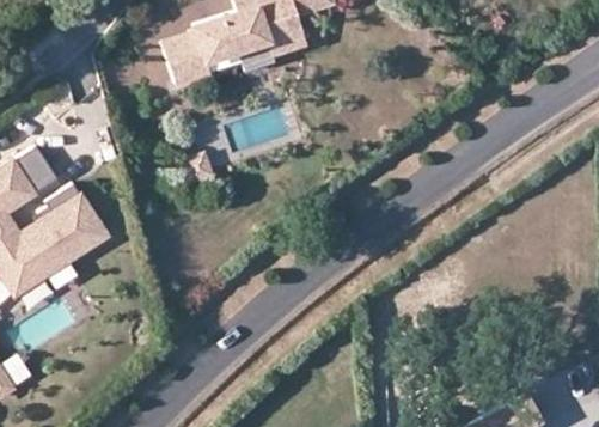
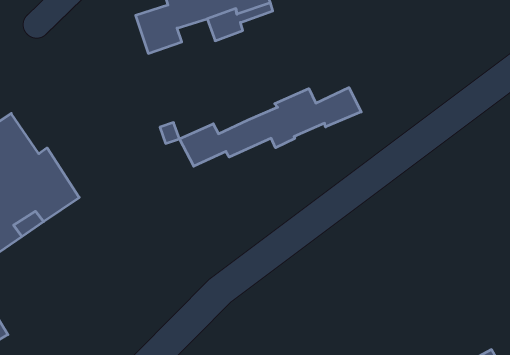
building: none -> [179,88,361,166]

